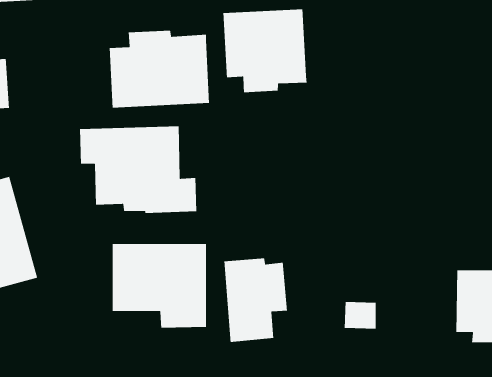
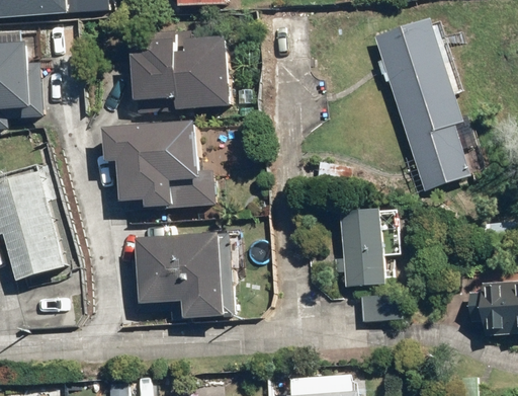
building: [223,9,307,93] -> none
building: none -> [375,18,479,192]
building: [224,258,288,343] -> [334,200,396,282]

